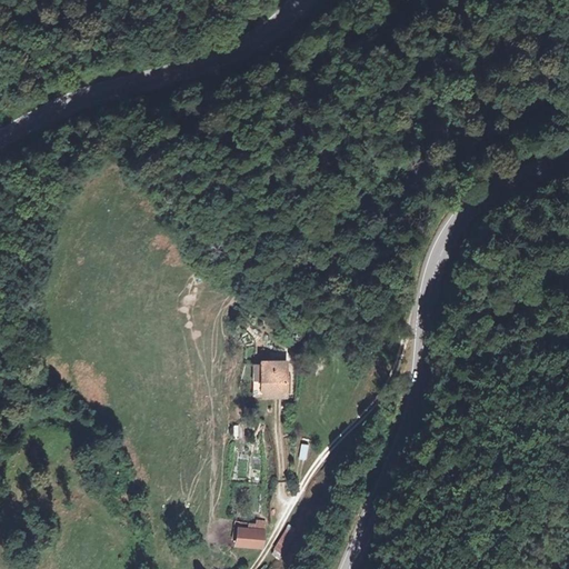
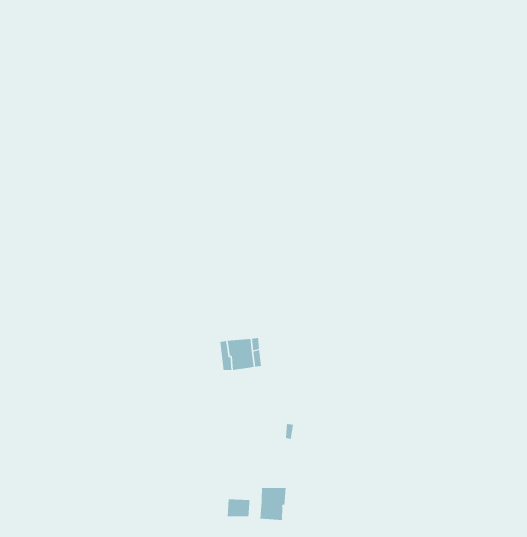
building: none -> [260,487,286,521]

